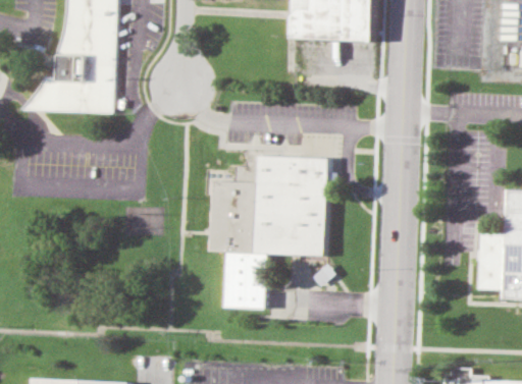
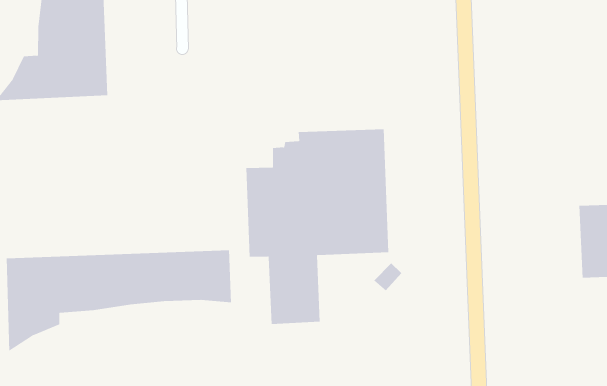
building: none -> [6,249,231,352]

